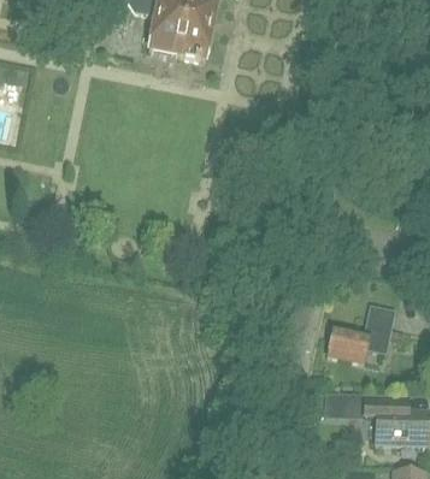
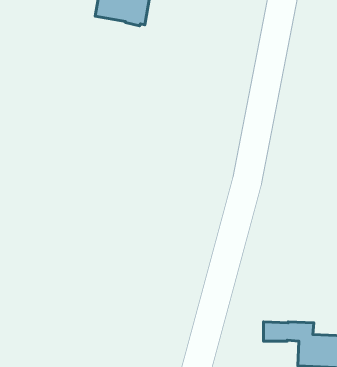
building: [328,304,405,363] -> none

